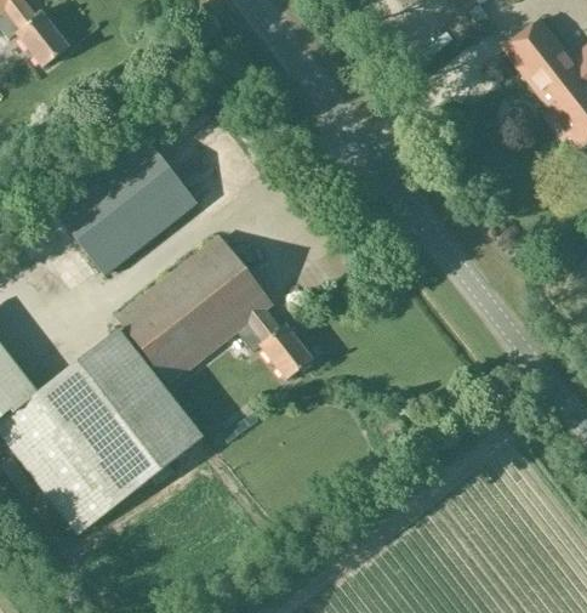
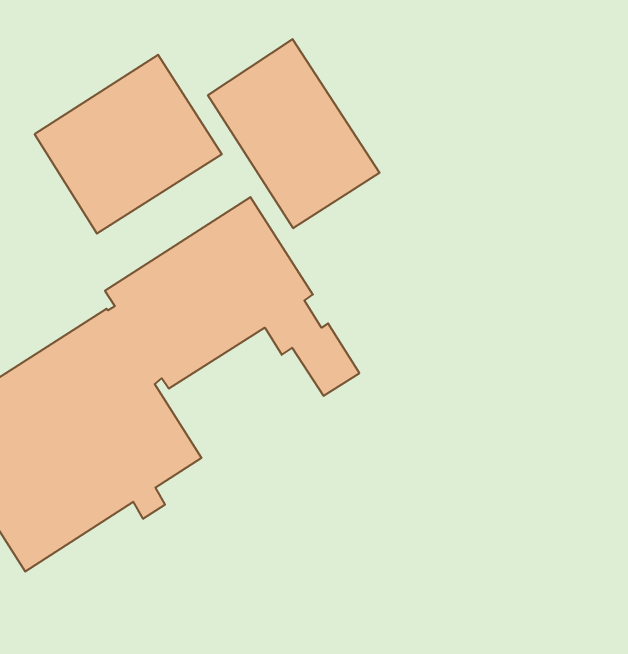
building: none -> [208,39,380,228]

